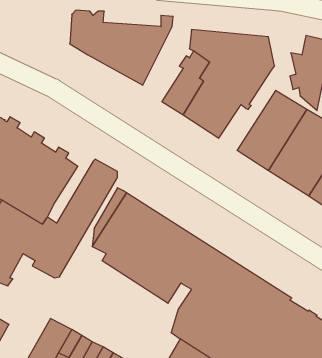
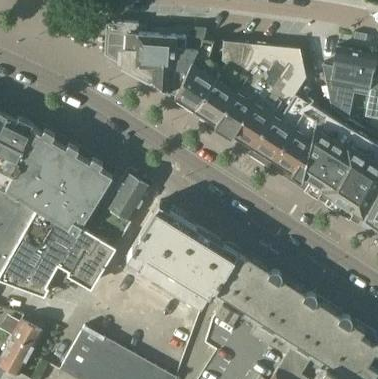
building: none -> [176,39,219,113]
building: none -> [251,82,311,161]

